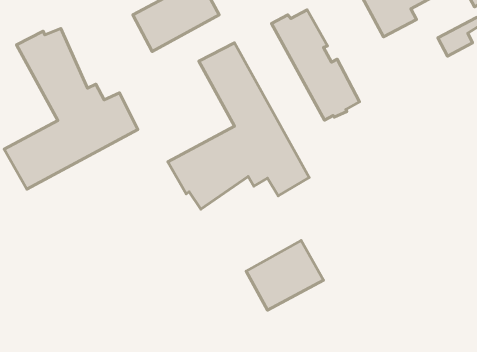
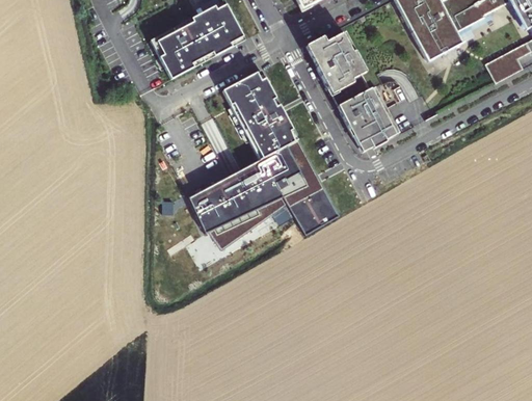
building: [4,29,138,189] -> none
building: [246,241,323,310] -> none

